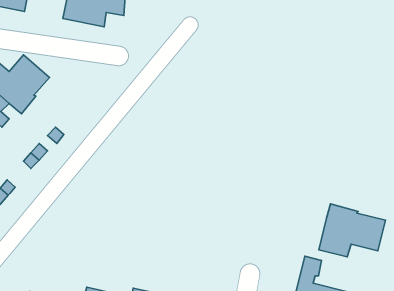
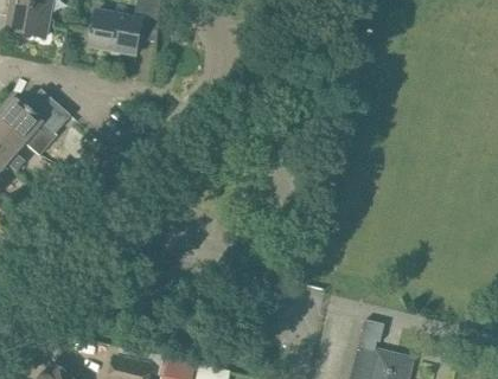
building: [319,204,386,257] -> none

